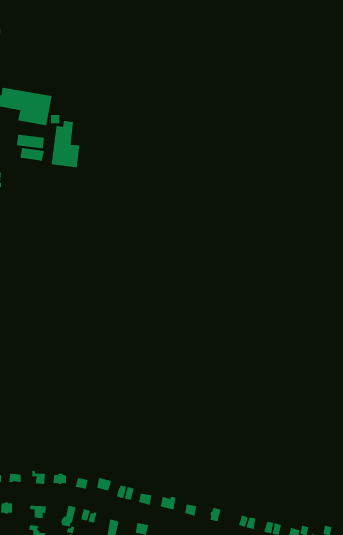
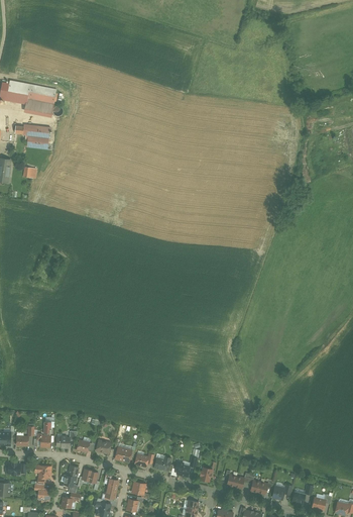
building: [51,120,80,168] -> none

